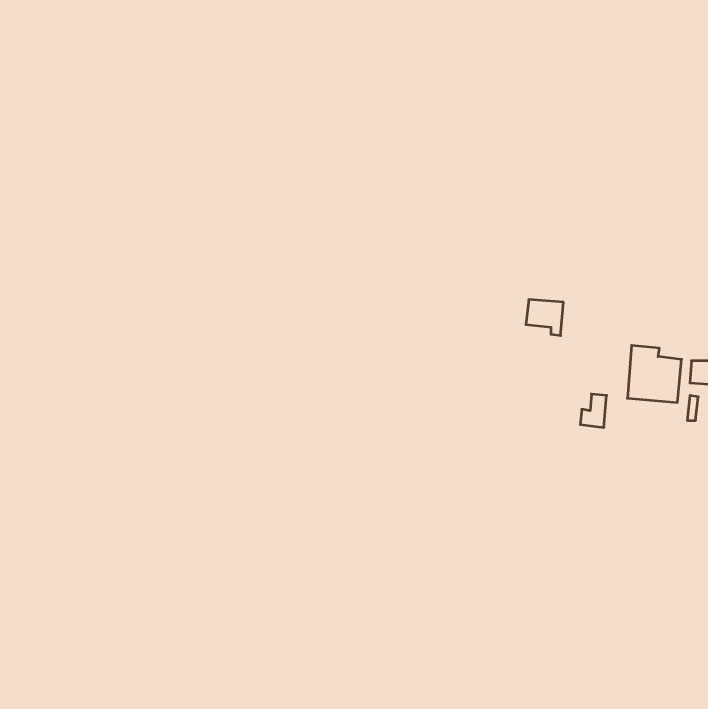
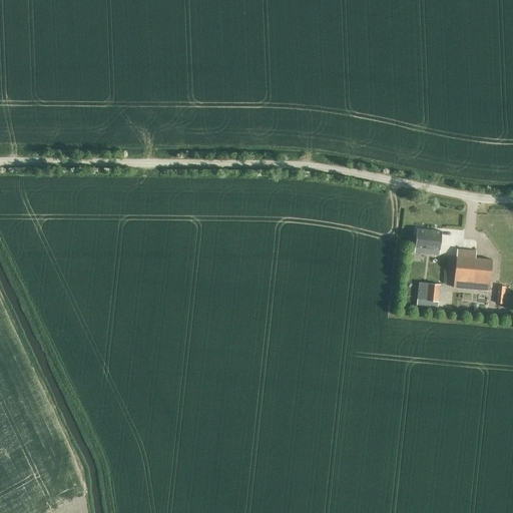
building: [526,300,563,336] -> [415,228,442,254]

